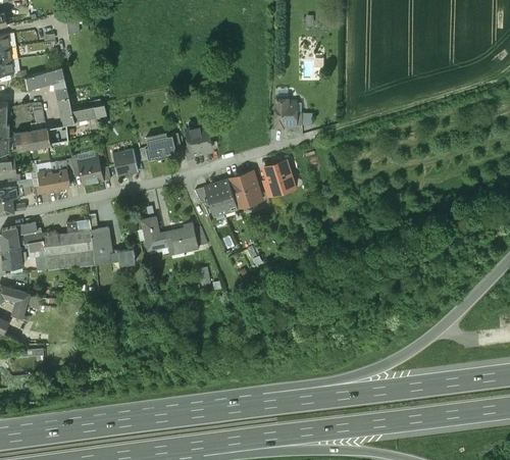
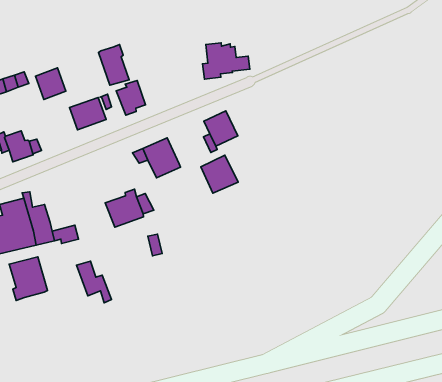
building: none -> [99,44,129,85]
building: [111,148,138,175] -> [35,68,66,100]
building: [227,171,260,205] -> [201,155,238,193]
building: [141,218,169,258] -> [77,261,112,303]
building: none -> [9,257,47,300]

